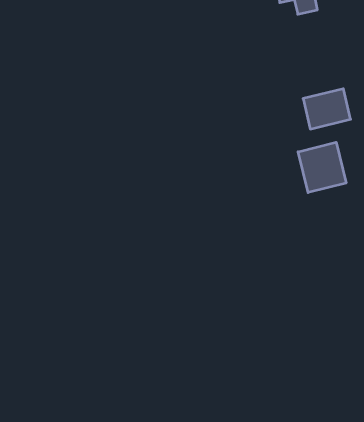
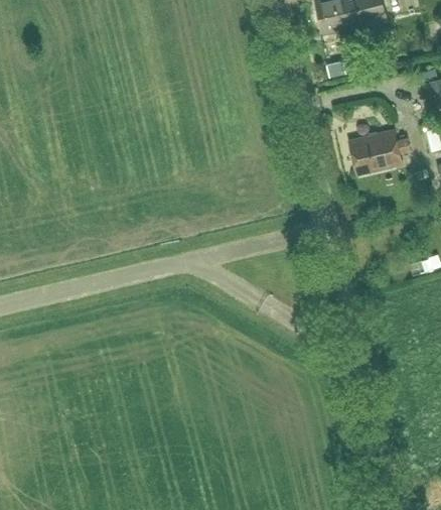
building: [298,142,346,193] -> none

